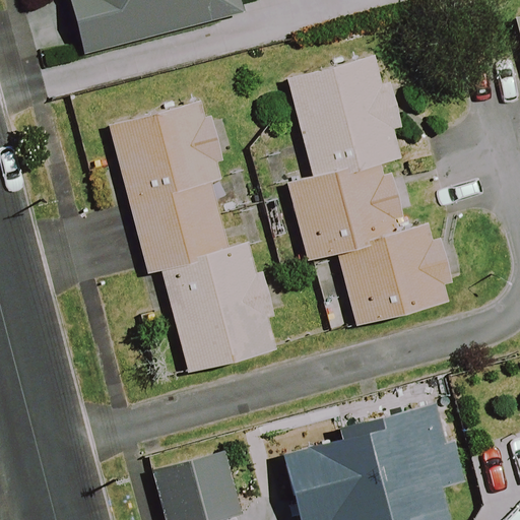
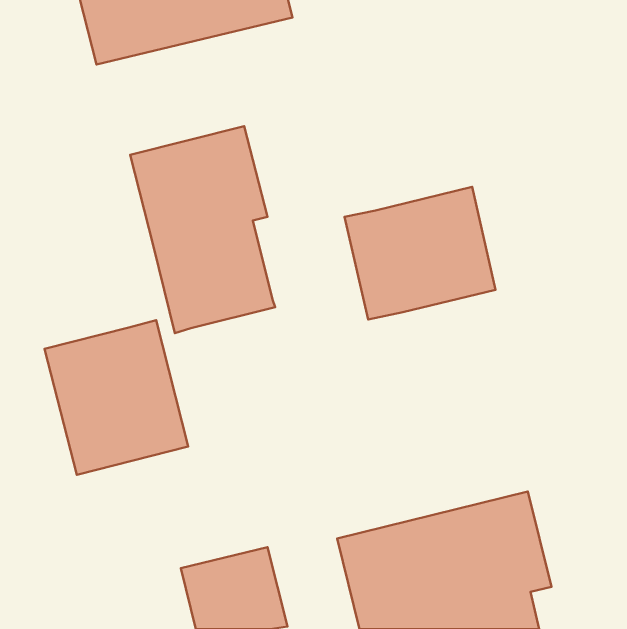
building: [290,60,403,173] -> none
building: [320,234,452,336] -> none
building: [161,246,279,373] -> [45,320,188,475]

